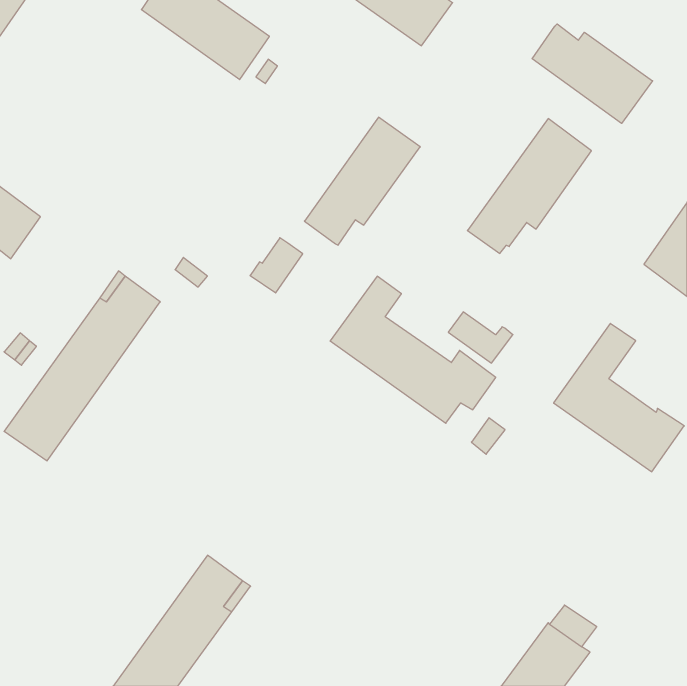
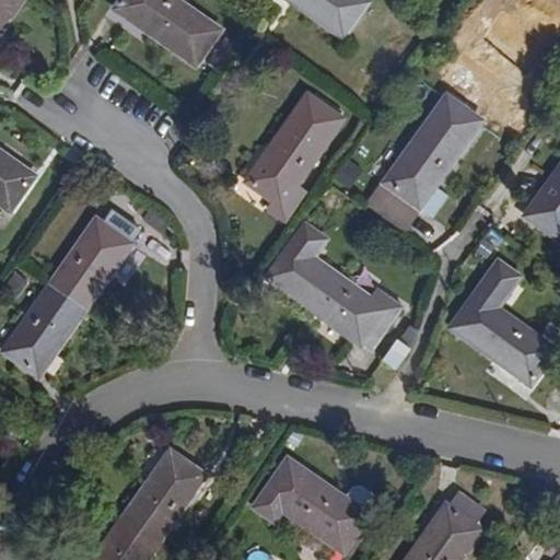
building: [532,24,653,123] -> none
building: [250,238,303,293] -> [265,178,307,223]
building: [448,312,513,363] -> [368,187,420,229]
building: none -> [253,457,375,550]

